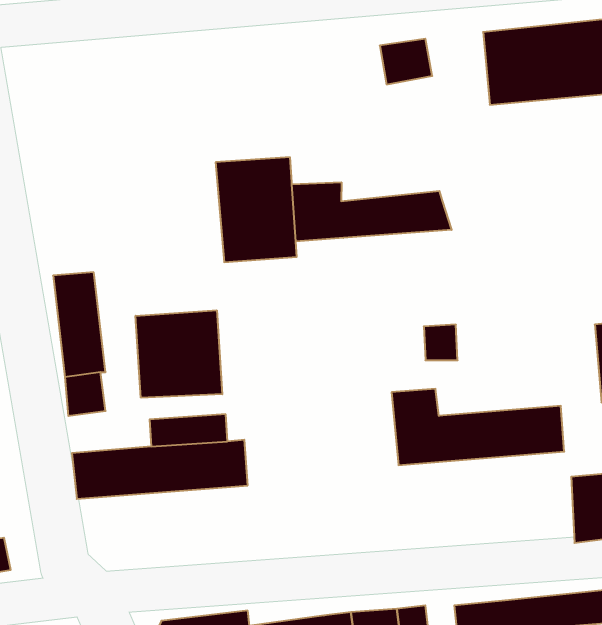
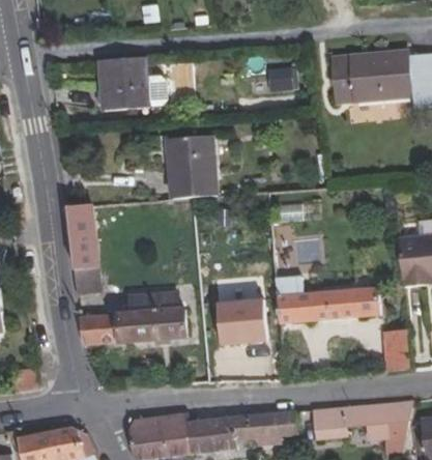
building: none -> [100,57,148,111]
building: [292,182,452,242] -> none
building: [136,310,222,398] -> none
building: none -> [218,298,265,343]

